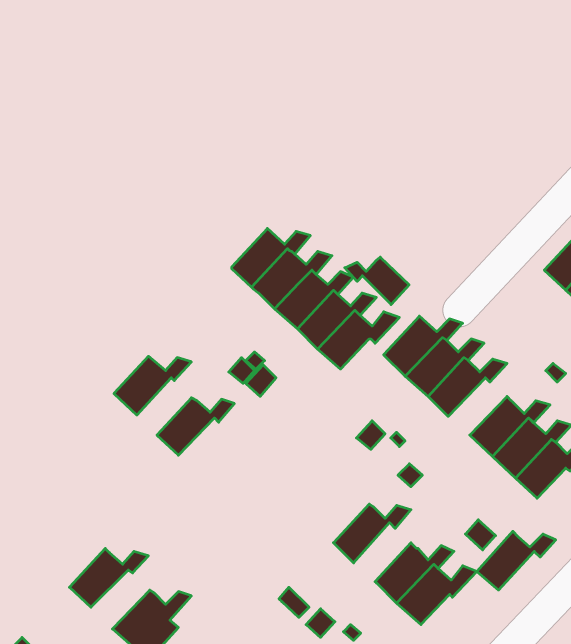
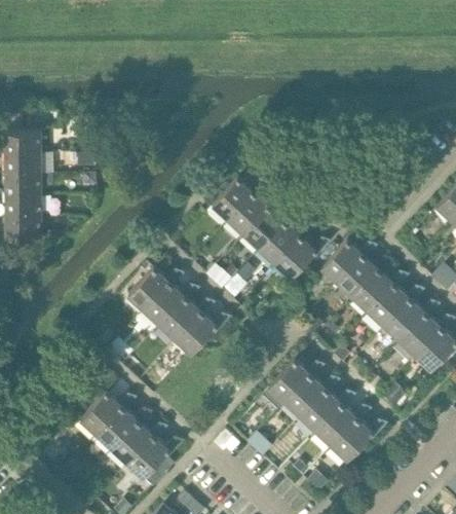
building: [345,257,409,305] -> none
building: none -> [144,286,198,327]
building: none -> [367,286,424,327]
building: none -> [174,315,230,356]
building: none -> [261,361,325,410]
building: none -> [79,394,137,436]
building: [477,531,556,590] -> [299,390,355,432]
building: none -> [111,424,167,466]

